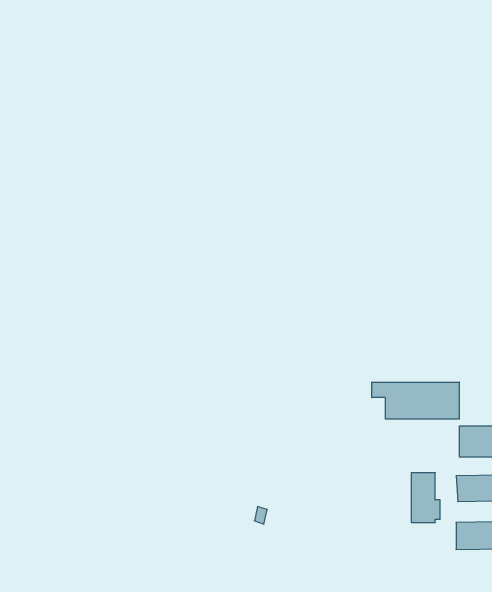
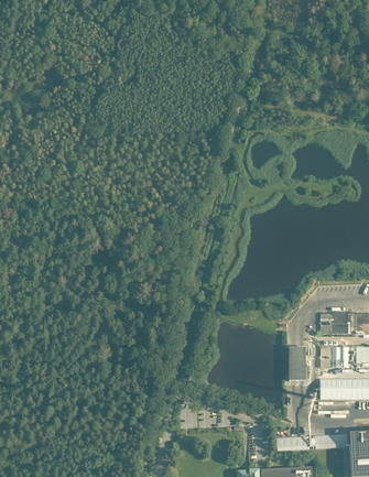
building: [372,382,459,419] -> none

